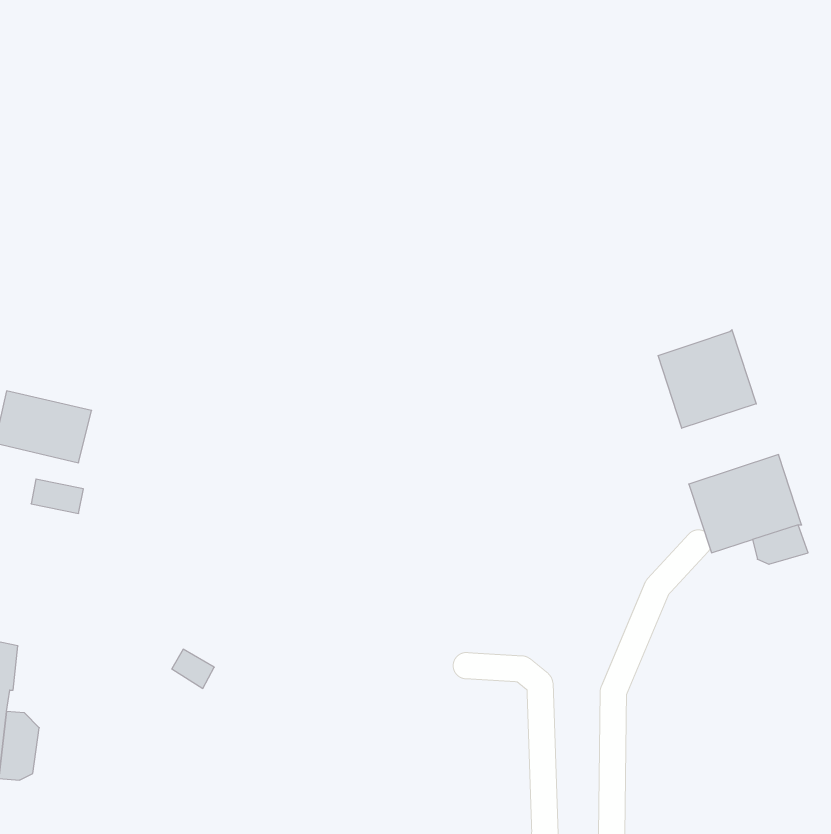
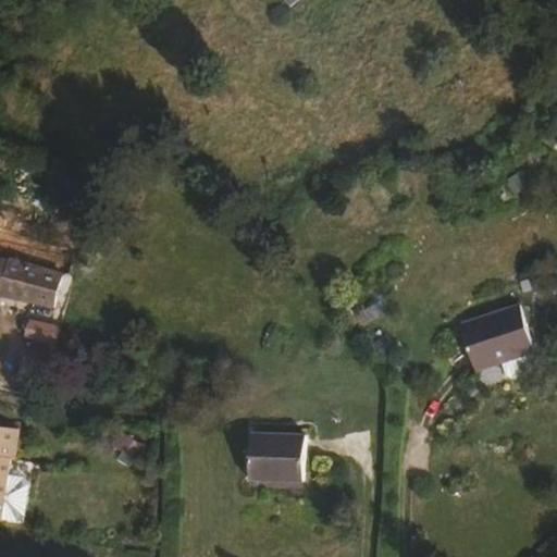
building: [658,330,756,428] -> none
building: none -> [248,431,305,480]

